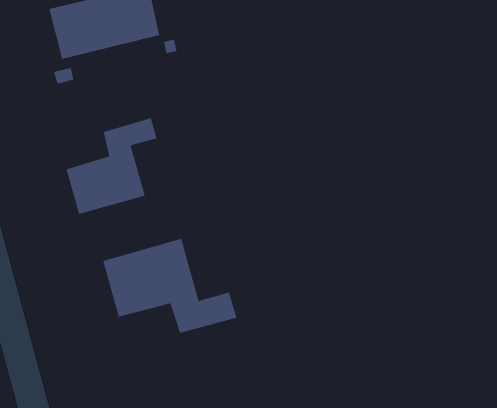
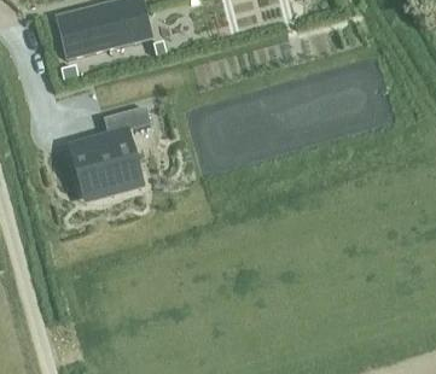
building: [102,238,237,334] -> none

